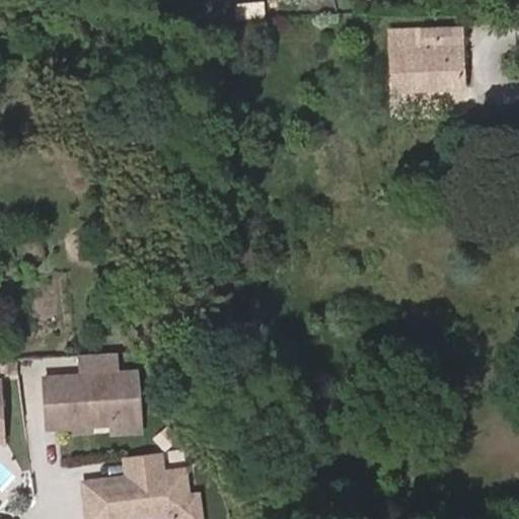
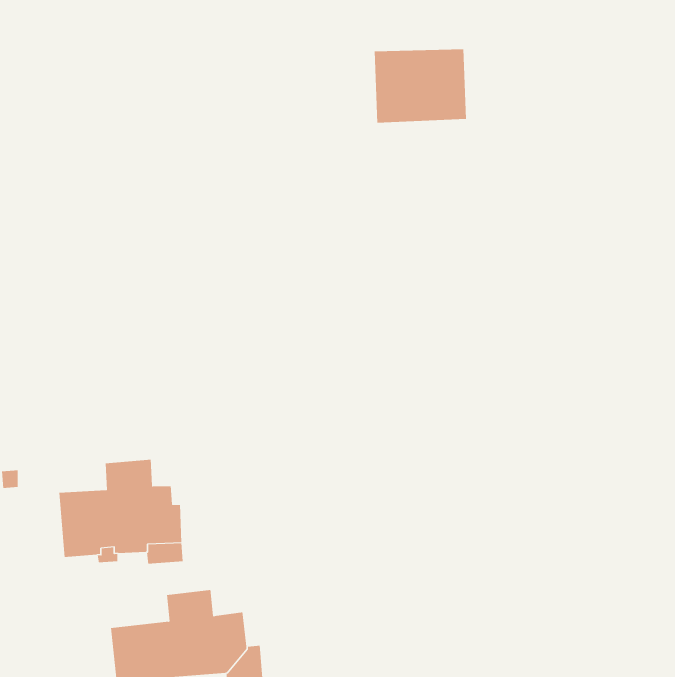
building: [389,34,460,91] -> [374,49,467,123]

